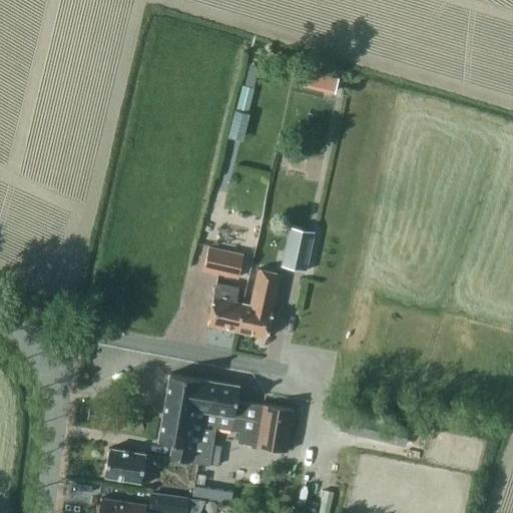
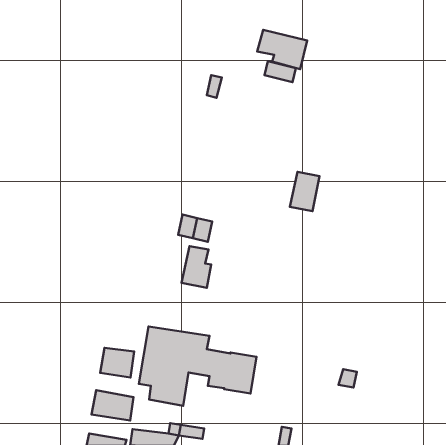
building: none -> [257,30,307,69]
building: [281,227,315,273] -> [290,172,319,211]
building: [237,270,282,338] -> none
building: none -> [100,348,134,378]

